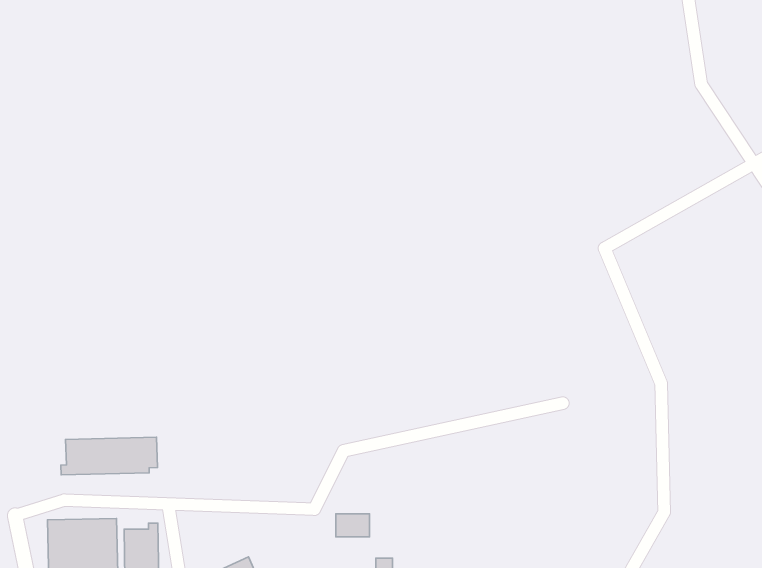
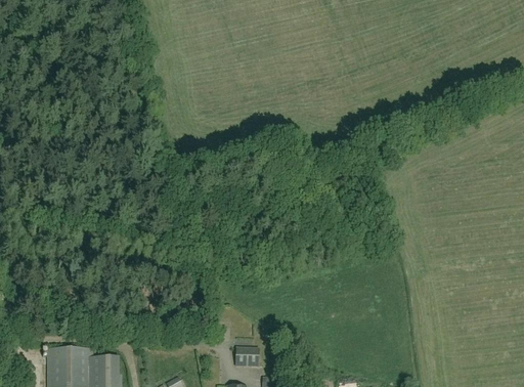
building: [61,437,157,475] -> none

